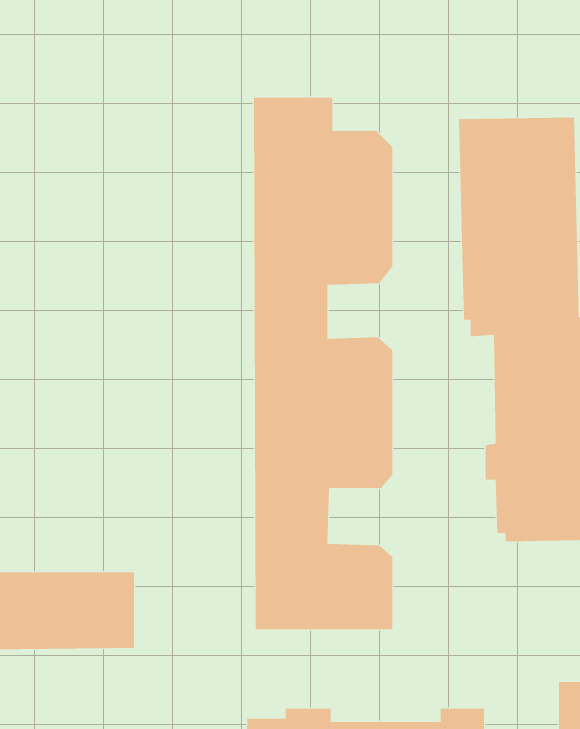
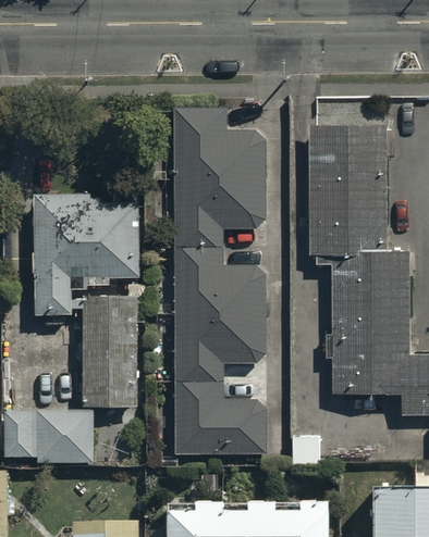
building: none -> [29,198,137,319]
building: none -> [87,298,137,403]

